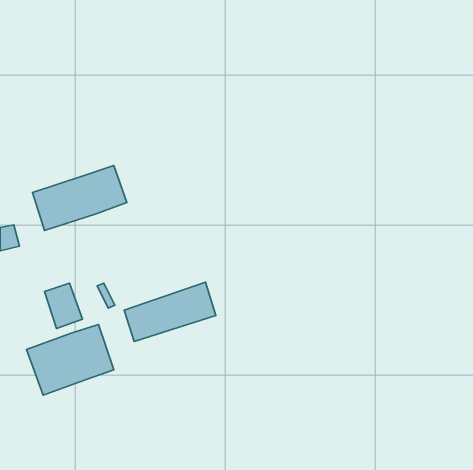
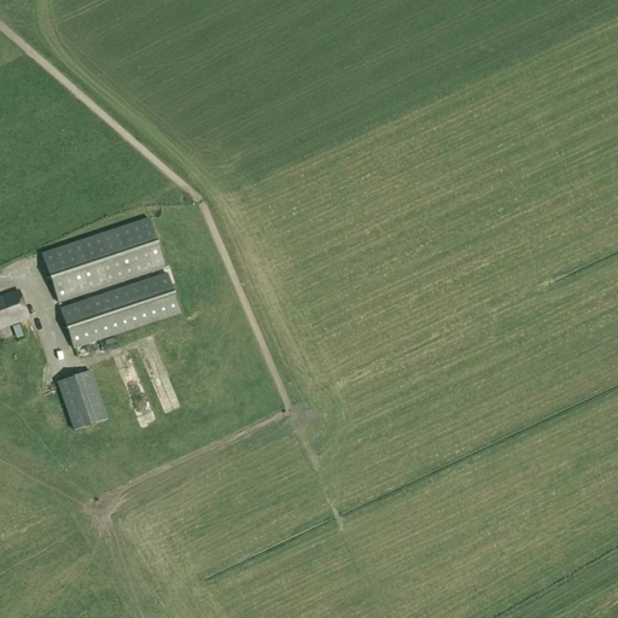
building: [124,282,216,342] -> [60,269,180,346]
building: [26,325,114,395] -> none

